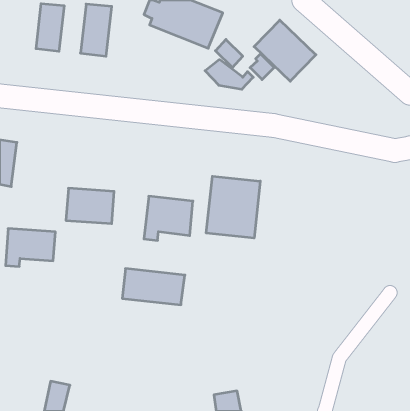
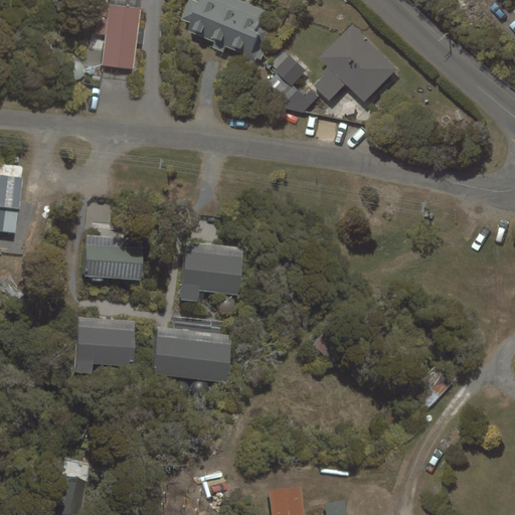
building: [36,4,64,51] -> none
building: [206,176,260,238] -> none
building: [6,229,55,266] -> [73,326,136,373]

